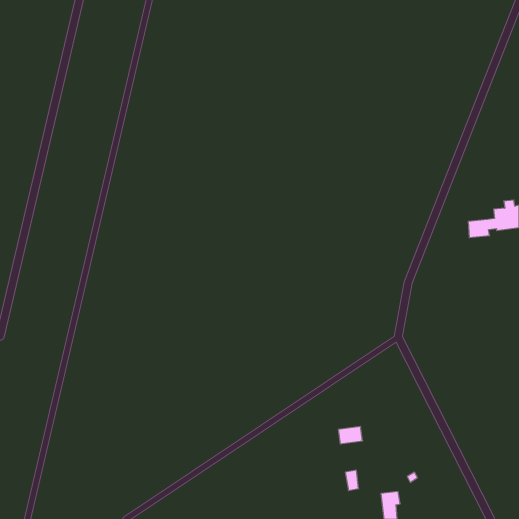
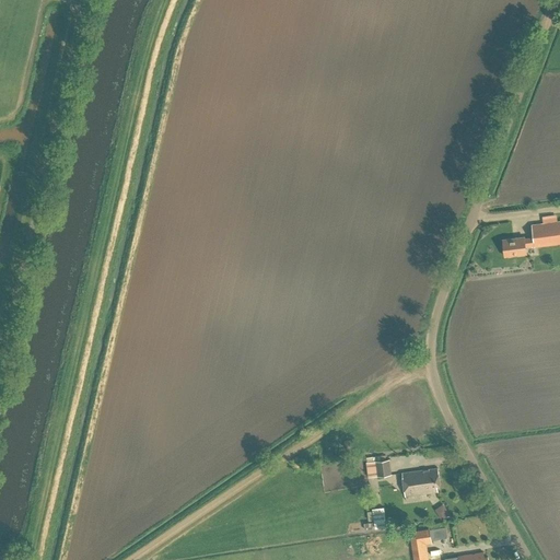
building: none -> [402,468,441,497]

